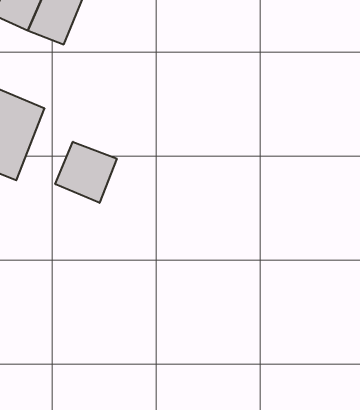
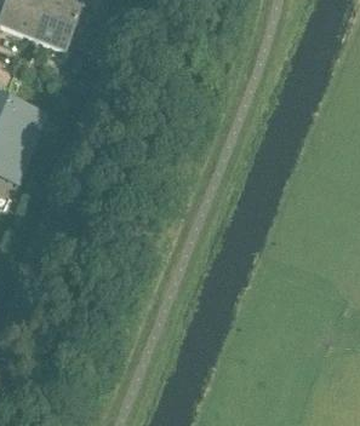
building: [55,142,117,203] -> none

